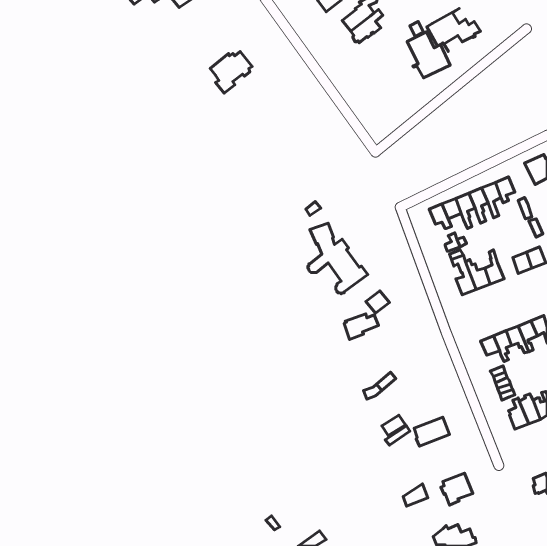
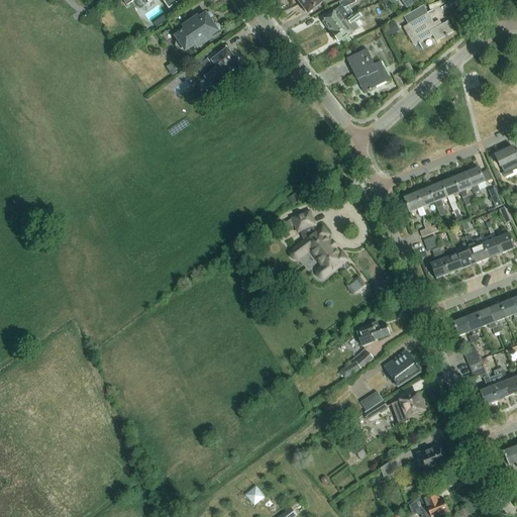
building: none -> [174,11,220,49]
building: [407,32,450,78] -> [348,47,389,91]
building: none -> [464,233,488,263]
building: [344,314,379,339] -> [356,321,389,345]
building: none -> [384,352,422,386]

